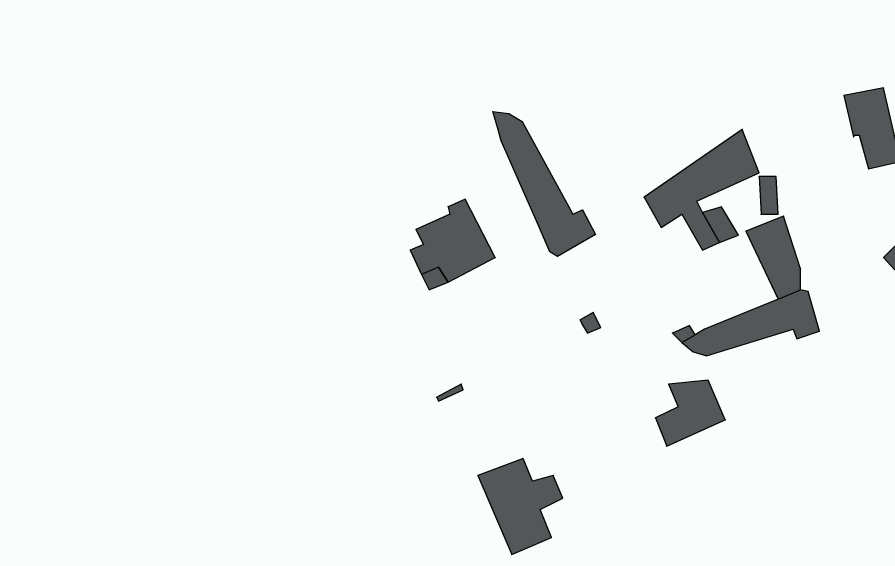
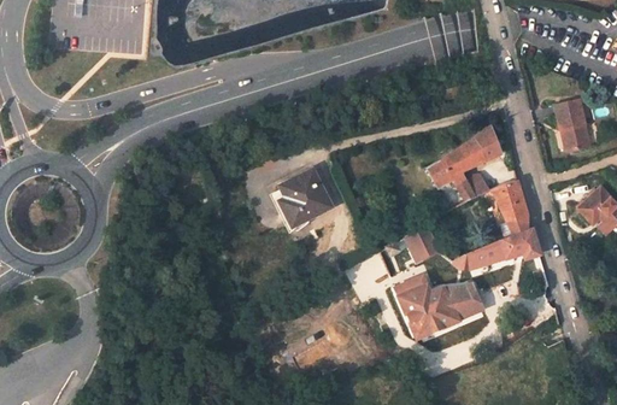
building: [493,112,595,256] -> none
building: none -> [407,225,439,260]
building: [478,458,563,555] -> [394,277,448,339]

